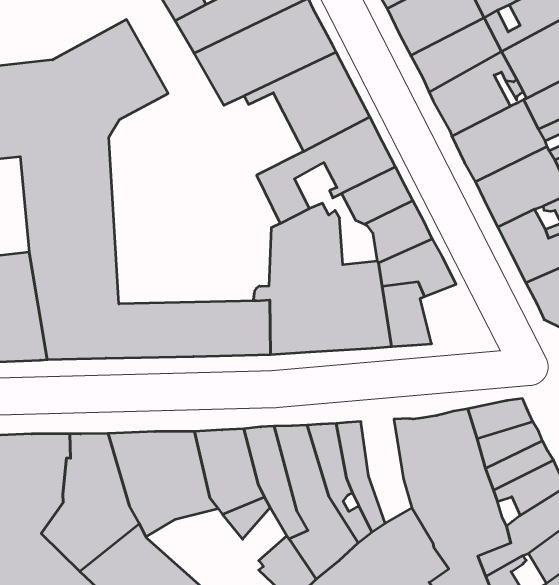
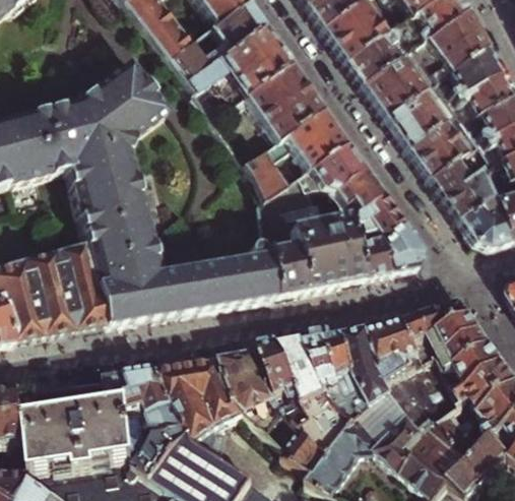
building: none -> [380,223,425,269]
building: none -> [348,329,395,408]

